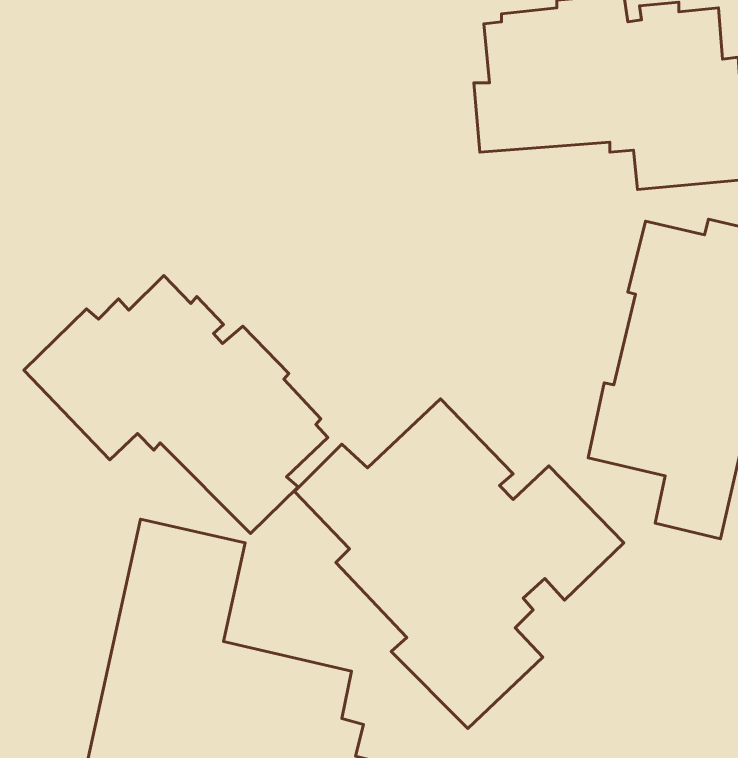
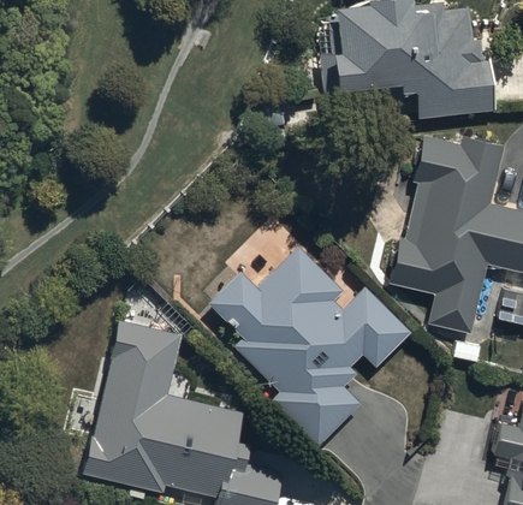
building: [24,275,328,534] -> none

